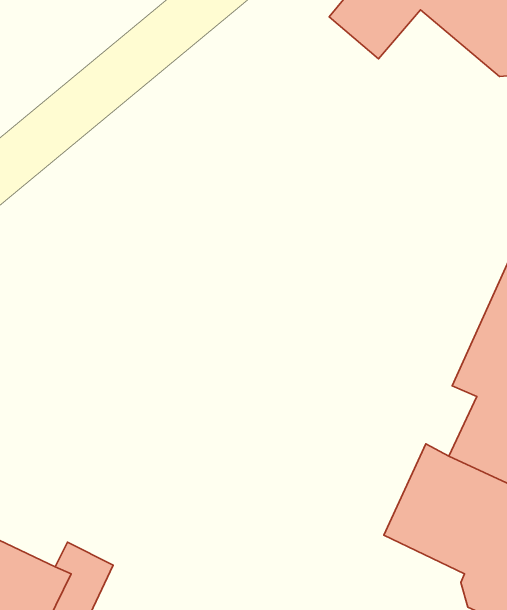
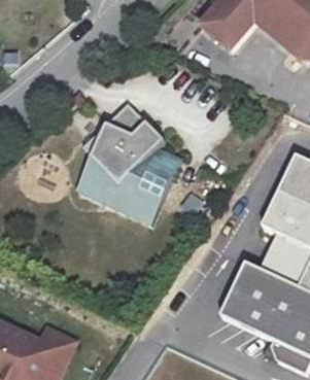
building: none -> [71,101,176,222]

